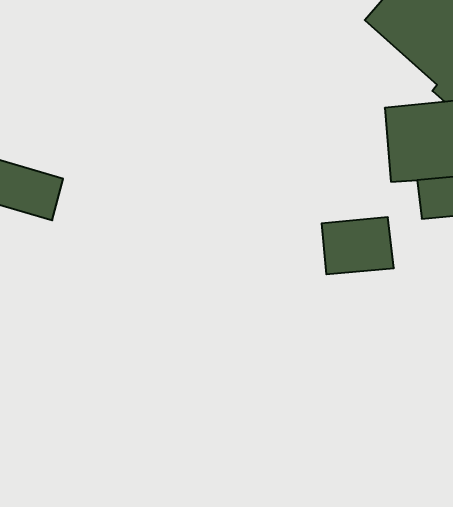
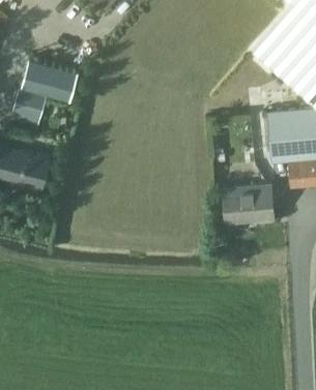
building: none -> [21,58,76,98]
building: none -> [13,90,44,118]

